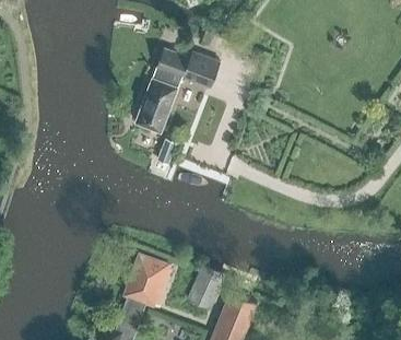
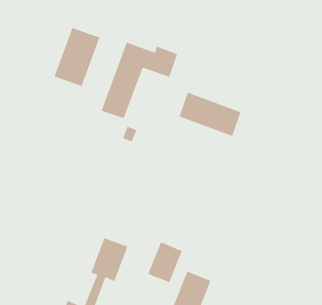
building: none -> [54,27,100,87]
building: none -> [179,92,241,137]

